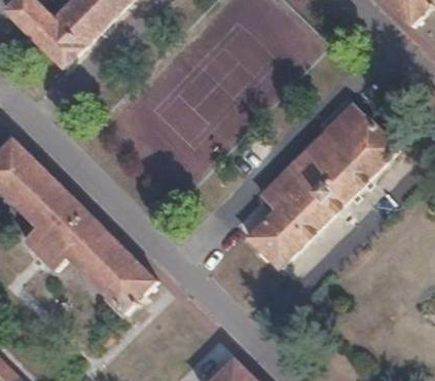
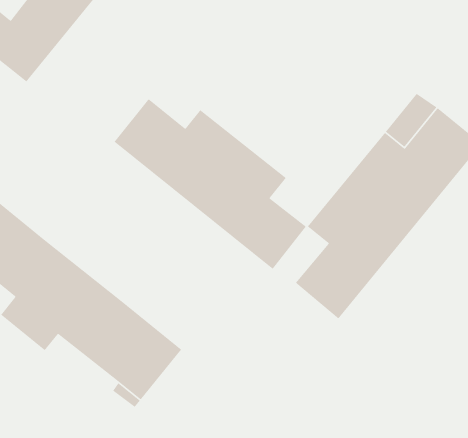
building: none -> [113,98,307,270]

